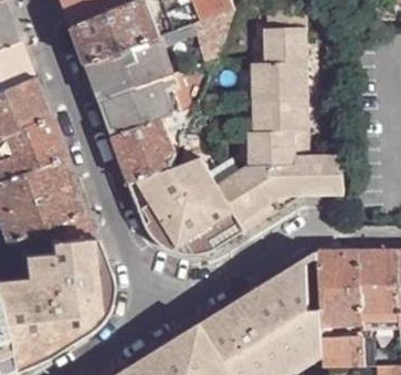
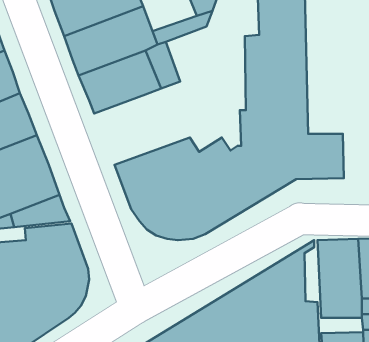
building: [113,118,175,183] -> none

